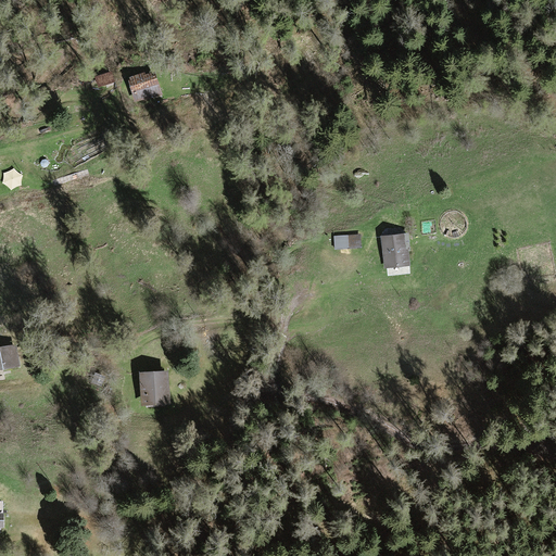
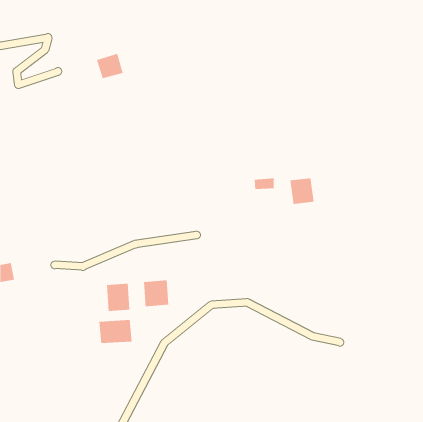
building: none -> [144,280,169,307]
building: none -> [99,319,132,344]

